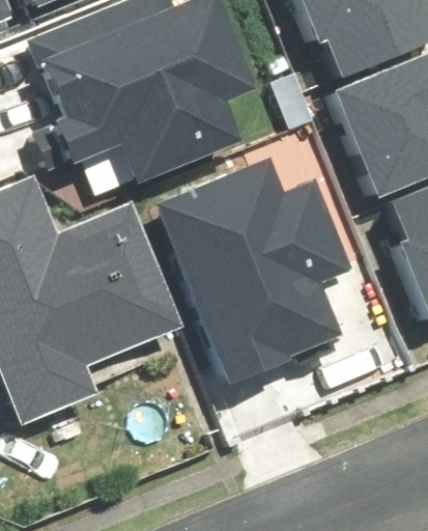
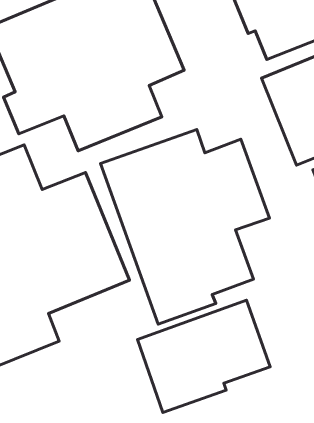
building: none -> [138,300,270,412]

